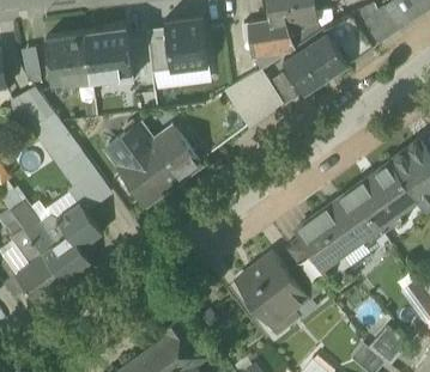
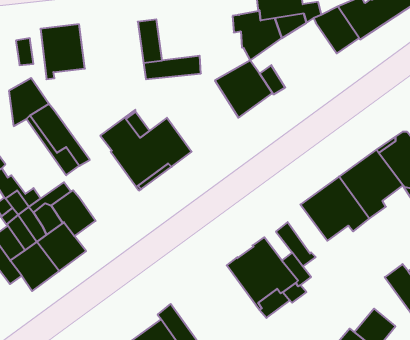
building: [165,17,210,71] -> none
building: [86,29,134,81] -> none
building: [284,32,350,93] -> none
building: [68,172,111,211] -> none
building: [296,218,340,268] -> none

